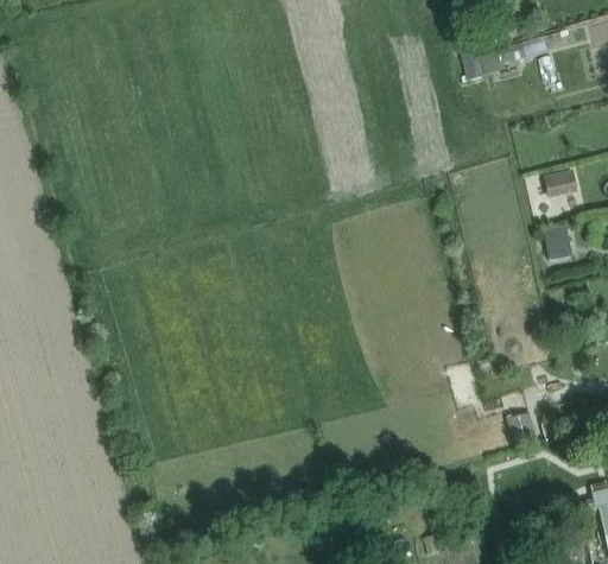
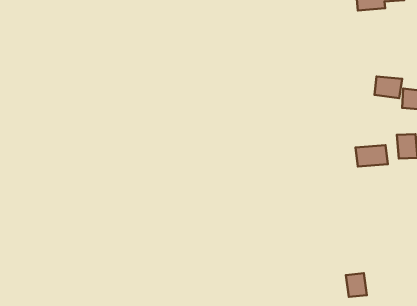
building: none -> [375,77,402,98]
building: none -> [355,145,388,167]

